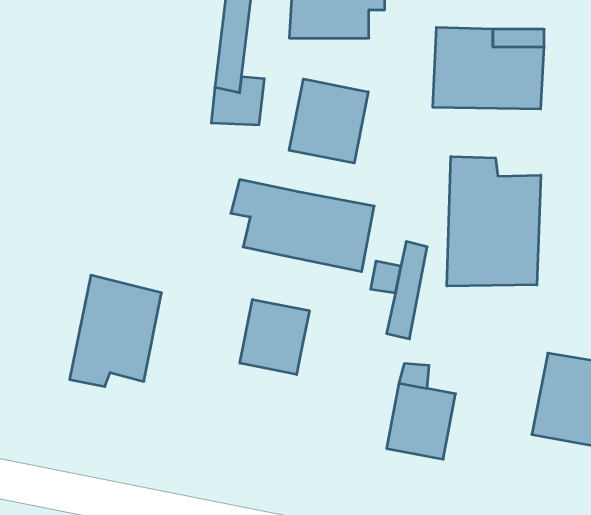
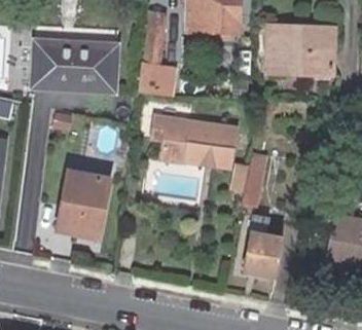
building: none -> [34,37,117,86]
building: [289,79,368,163] -> none
building: [447,156,541,286] -> none
building: [240,299,309,375] -> none

